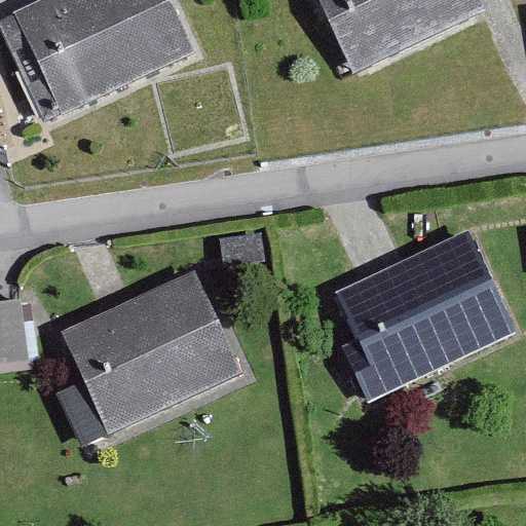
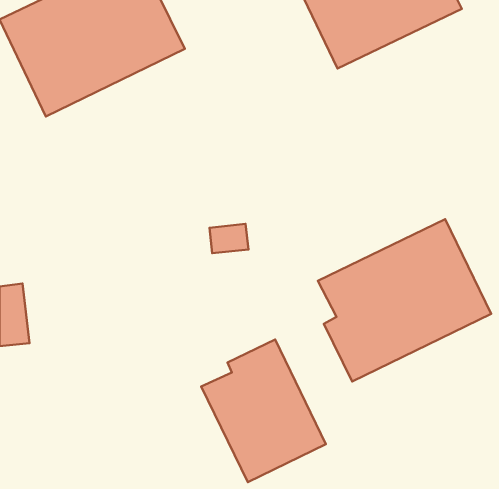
building: [49,270,240,450] -> none
building: none -> [201,340,326,482]

